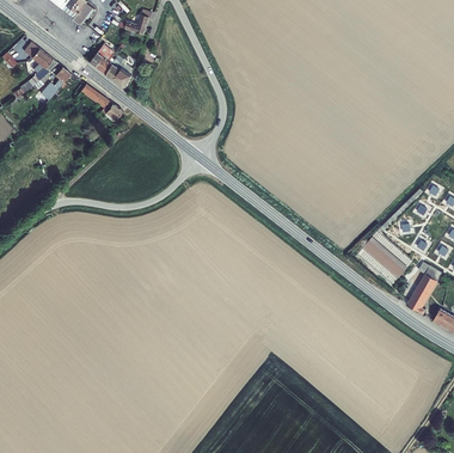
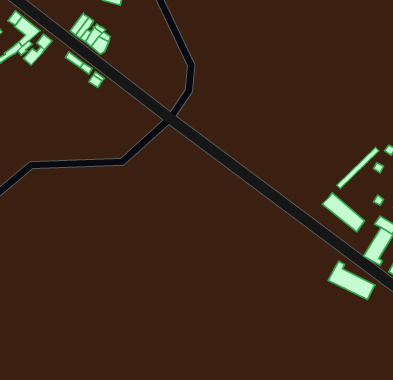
building: none -> [328,261,375,300]

